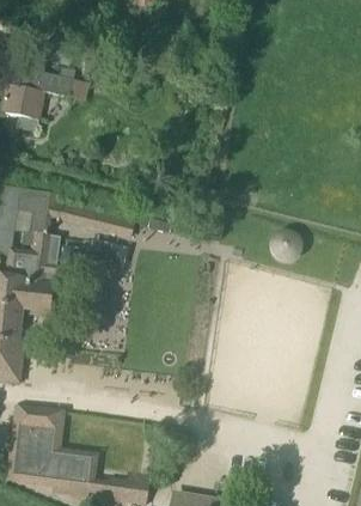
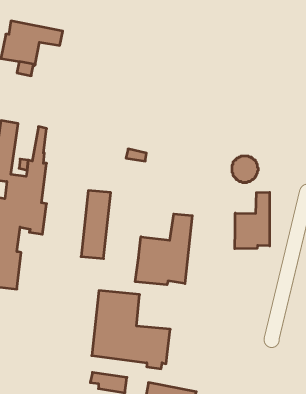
building: none -> [235,192,270,249]
building: none -> [135,214,192,285]
building: [7,402,99,494] -> [92,291,170,369]

